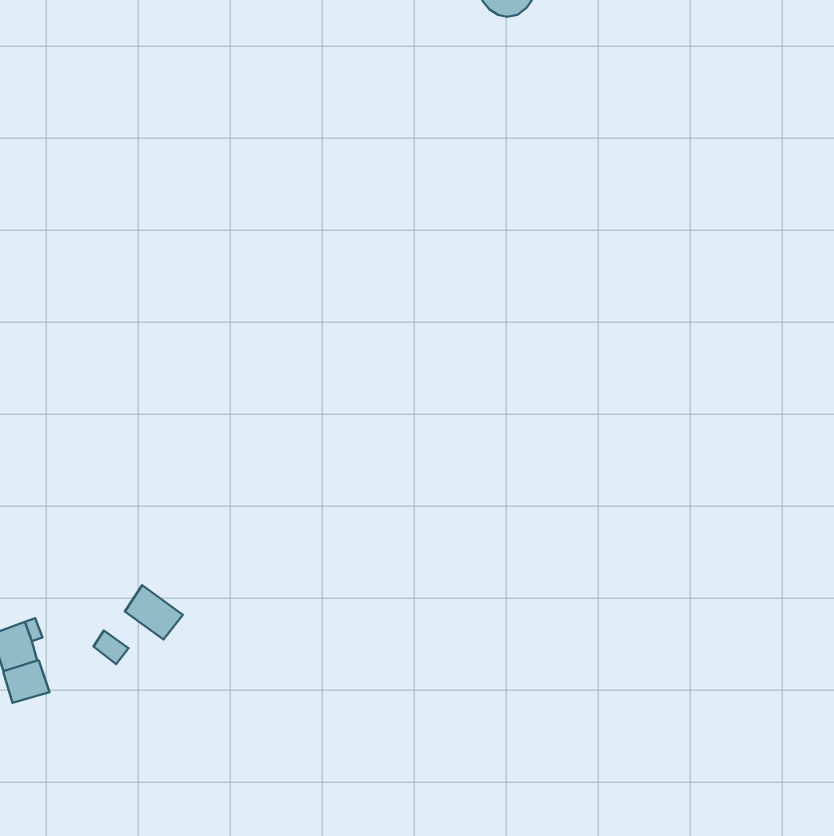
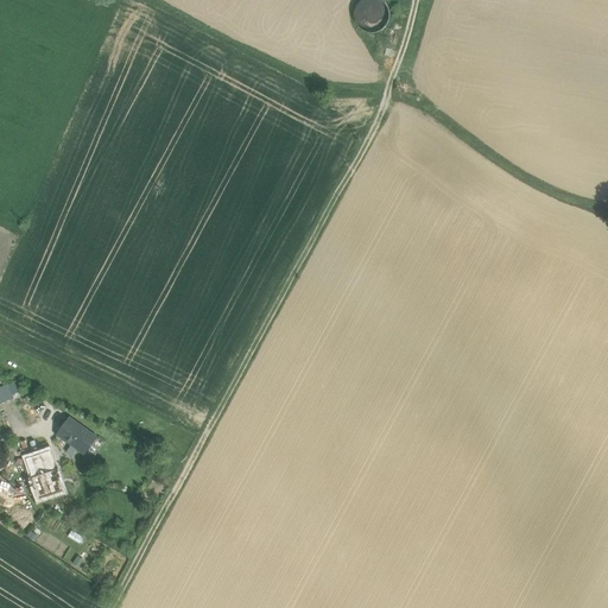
building: [125,585,183,640] -> [57,417,96,454]

